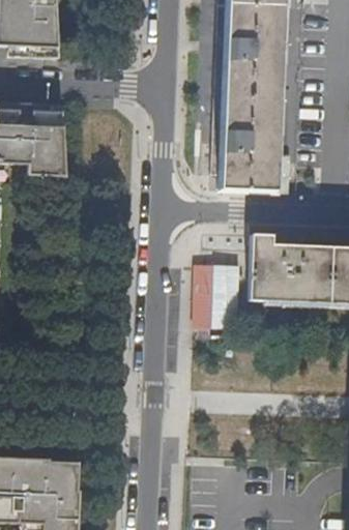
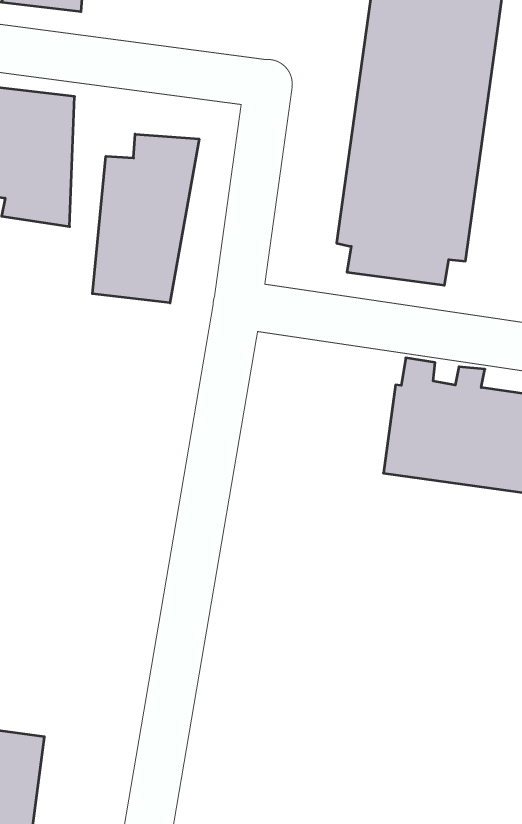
building: none -> [92,134,199,303]
building: [196,264,243,328] -> none

